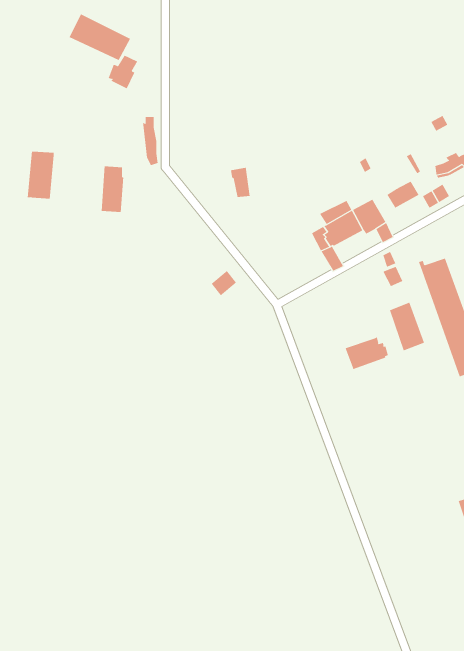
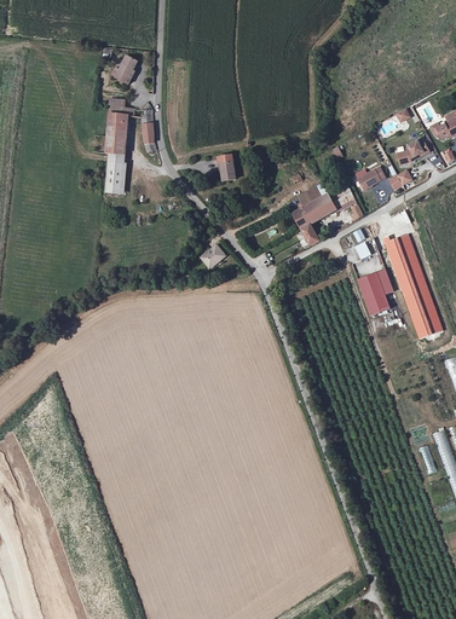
building: [69,14,131,61] -> none
building: [27,151,54,199] -> [103,111,127,154]
building: [345,337,388,370] -> none

